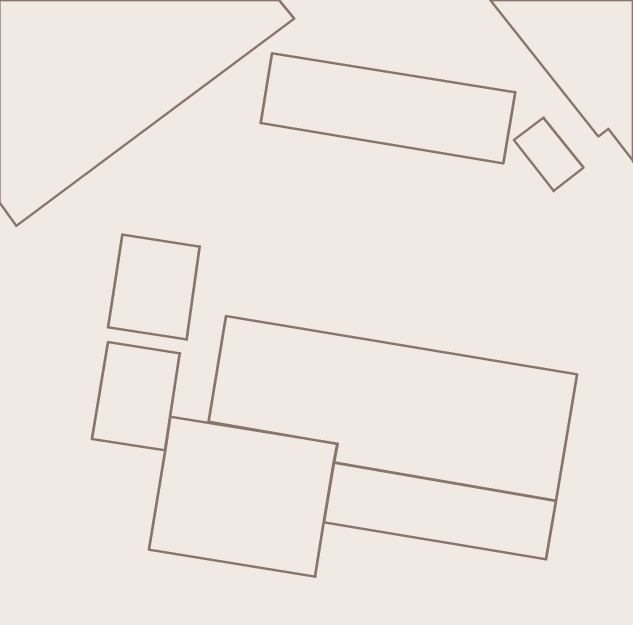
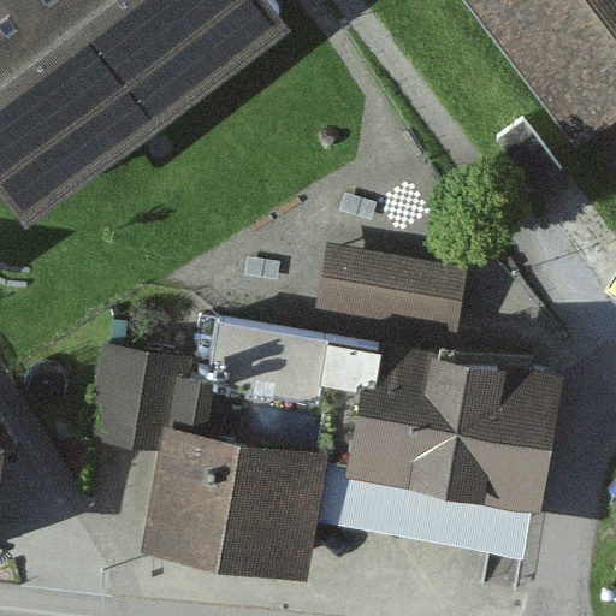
building: [261,53,515,163] -> none
building: [108,235,200,340] -> none
building: none -> [316,245,470,328]

